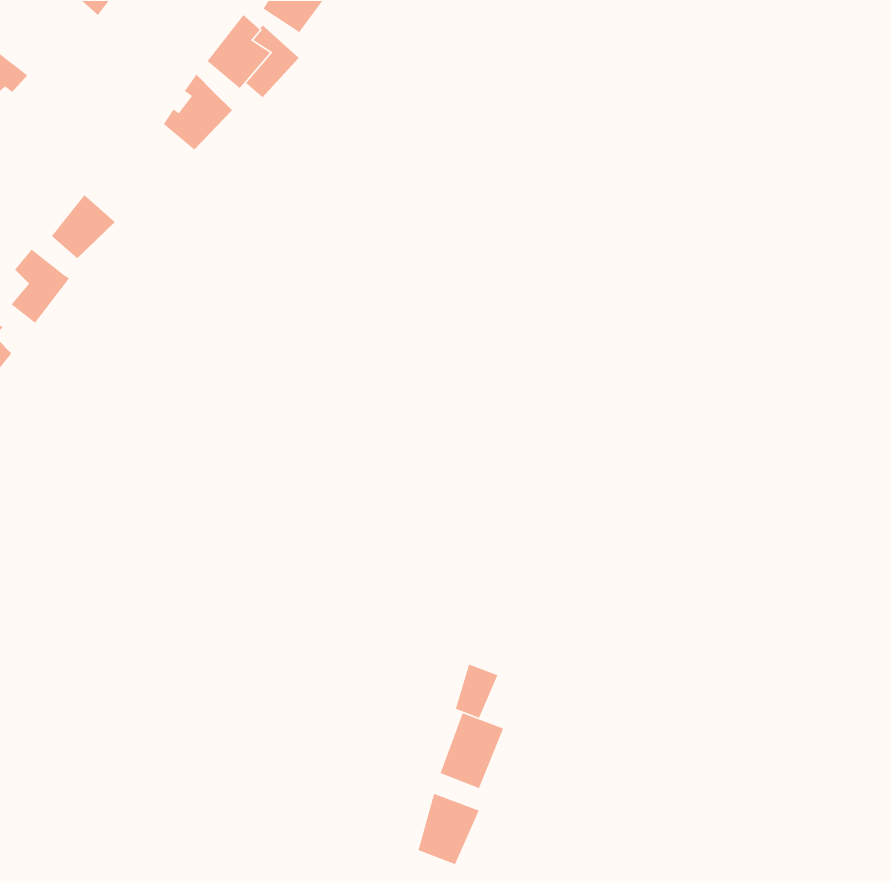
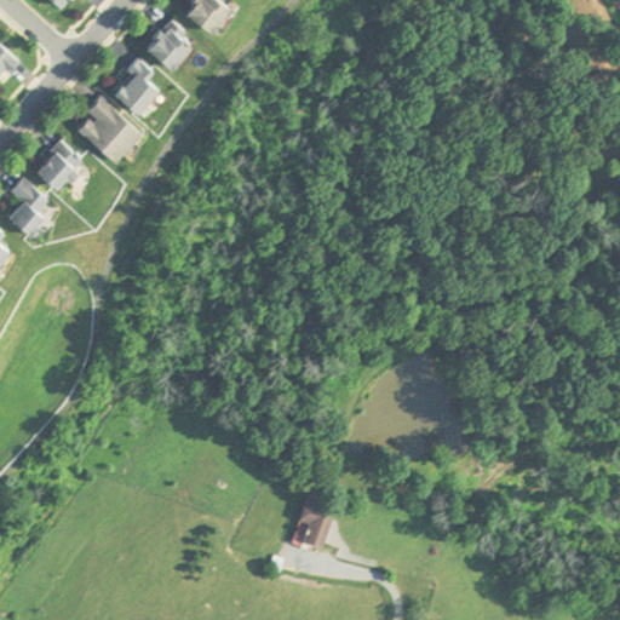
building: none -> [78,96,138,161]
building: [455,664,498,719] -> none
building: [417,793,480,865] -> none

